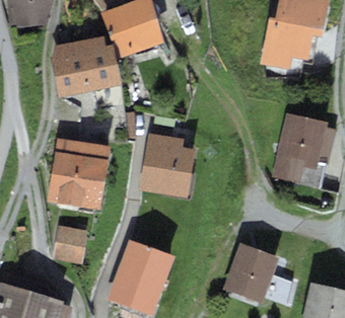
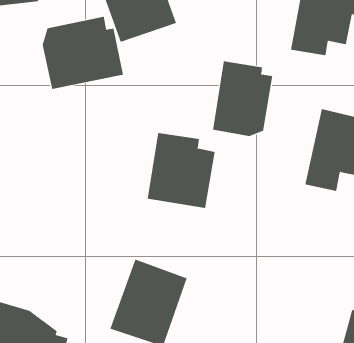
building: none -> [212,61,273,137]
building: [48,139,110,209] -> none
building: [53,225,87,264] -> none
building: [223,243,280,304] -> none

